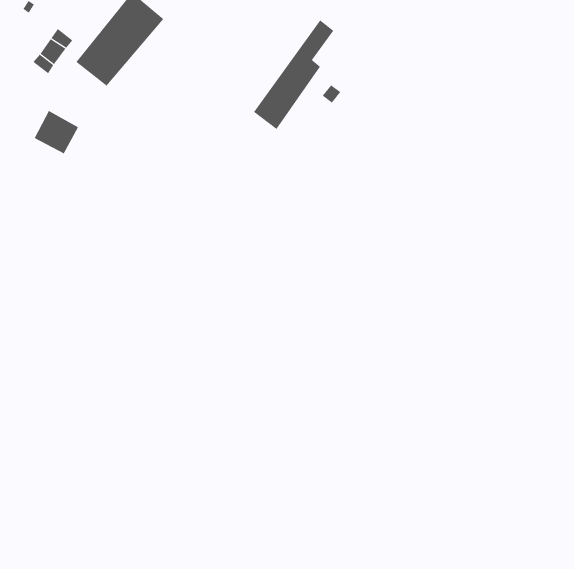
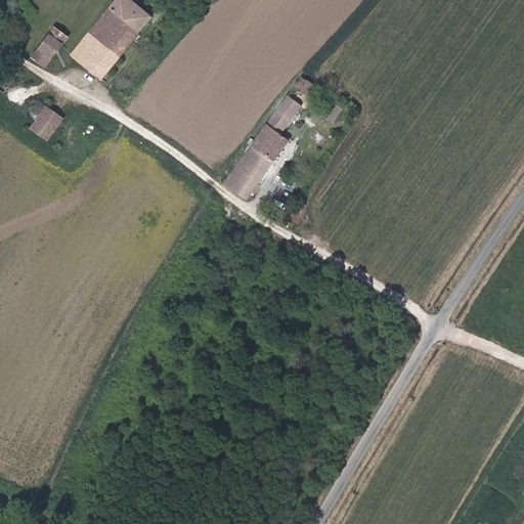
building: [253,20,334,130] -> [226,95,300,195]

